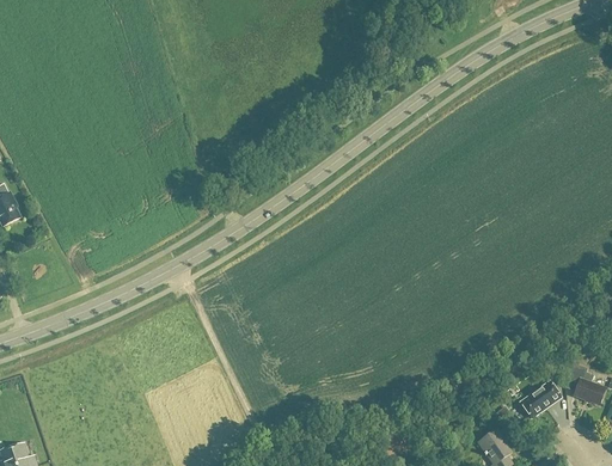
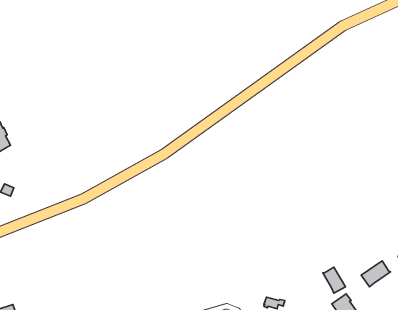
building: none -> [323,267,345,293]

